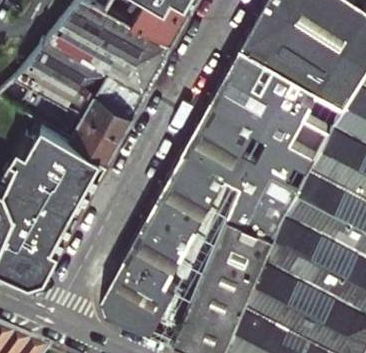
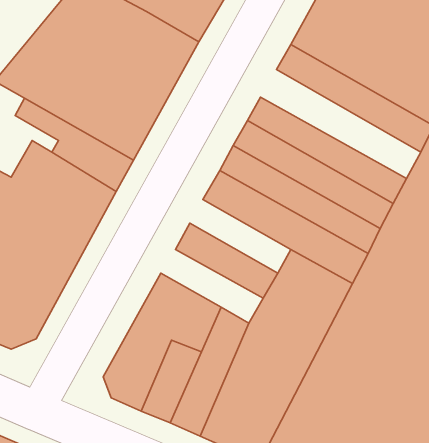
building: [218,67,340,150] -> none
building: [164,166,241,222] -> none
building: [142,204,220,260] -> none

